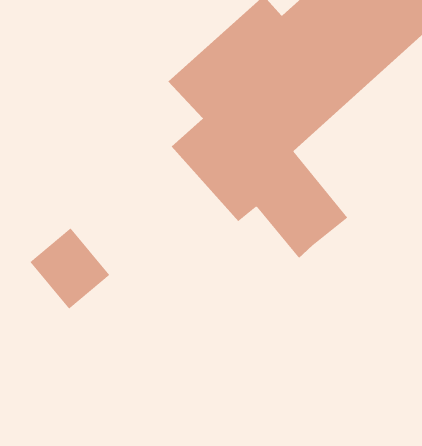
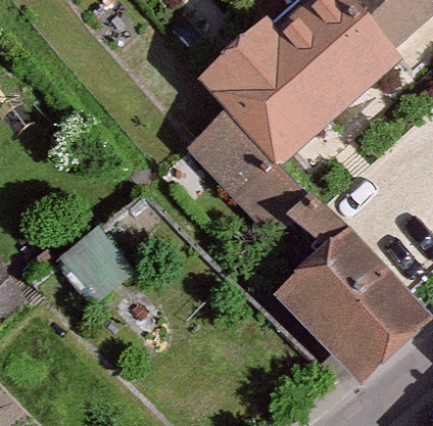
building: none -> [252,227,402,378]

